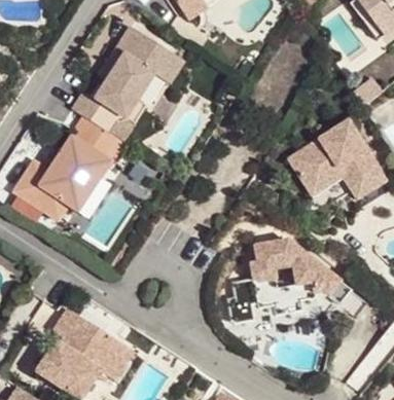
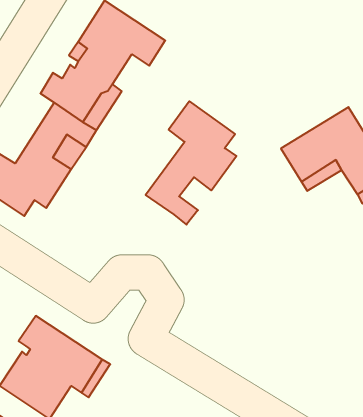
building: none -> [146,101,236,225]
building: [228,240,351,323] -> none

